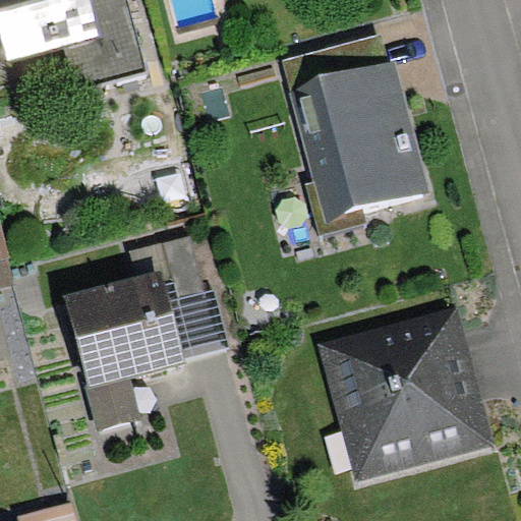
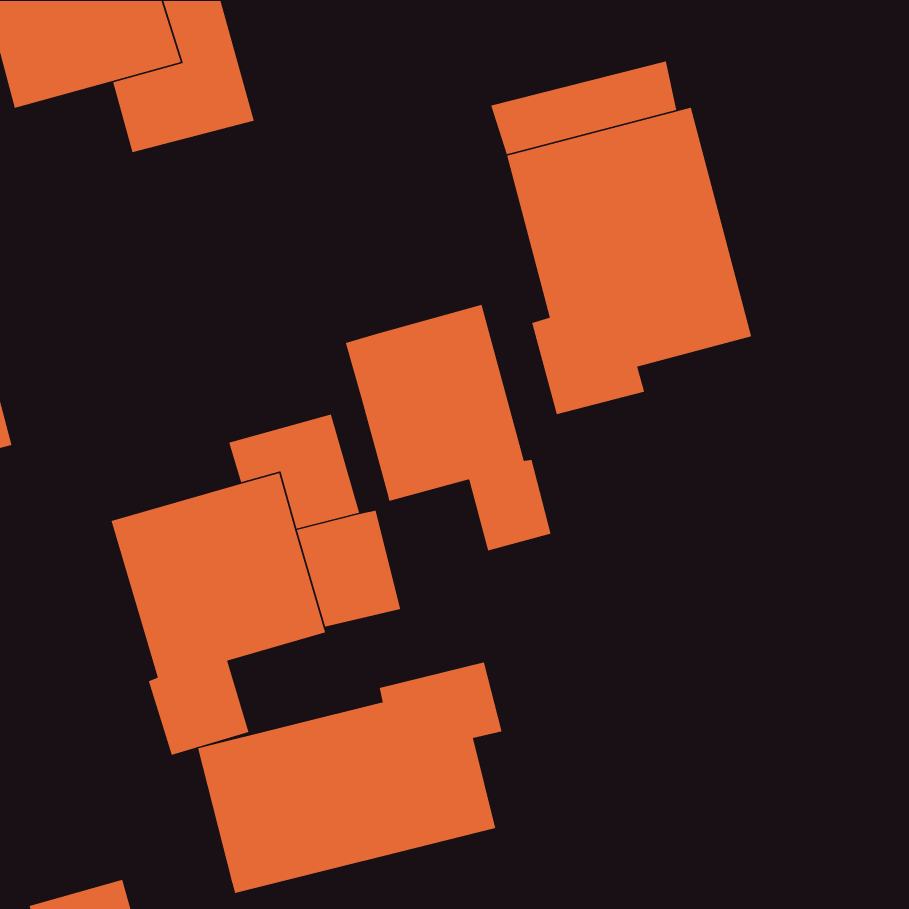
building: none -> [345,304,552,551]
building: [317,304,495,482] -> none
building: none -> [197,662,502,894]

